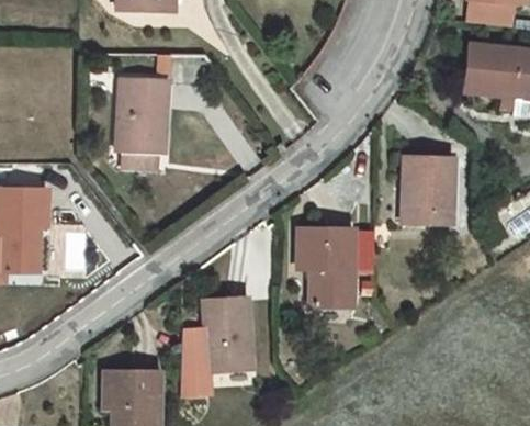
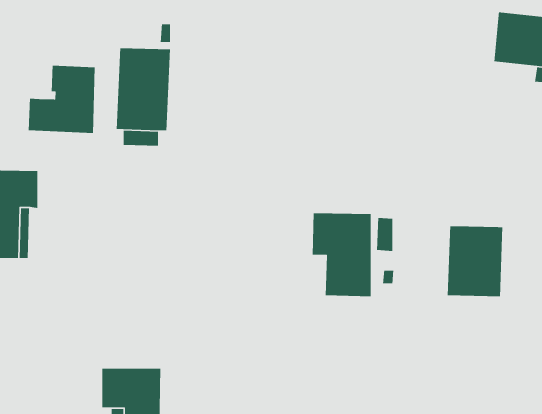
building: none -> [28,65,96,134]
building: [402,157,453,223] -> [447,225,503,297]
building: [182,298,251,394] -> none

